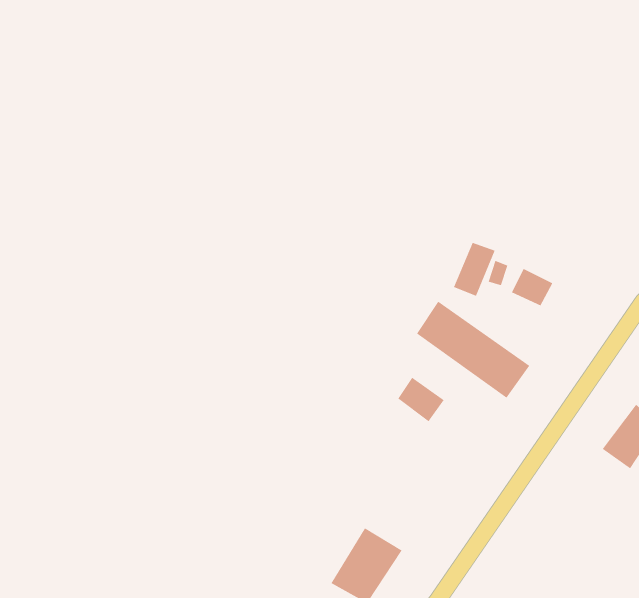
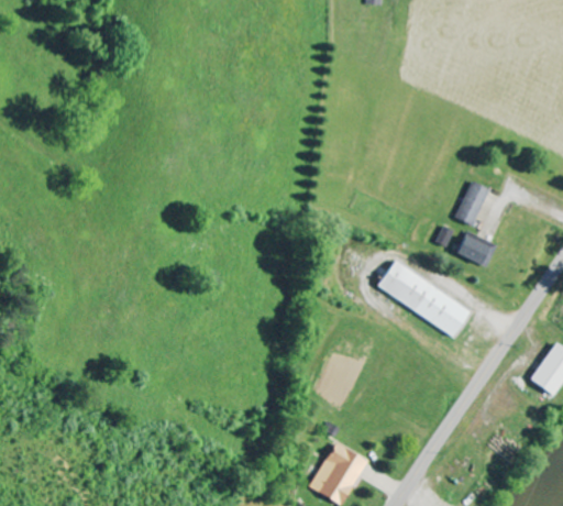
building: [453,242,495,297] -> [454,180,488,224]
building: [398,377,445,422] -> none

